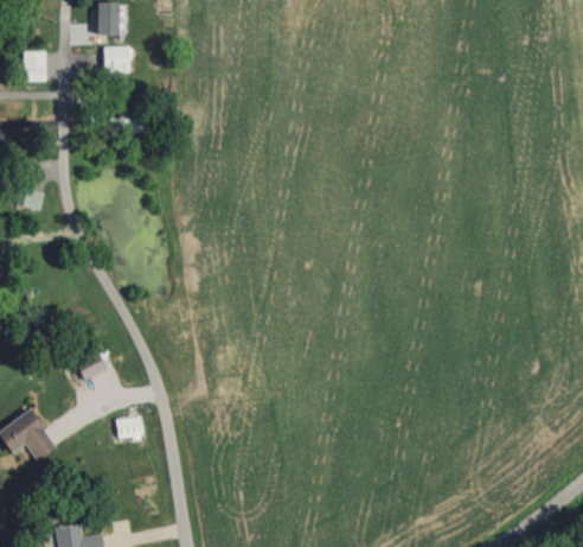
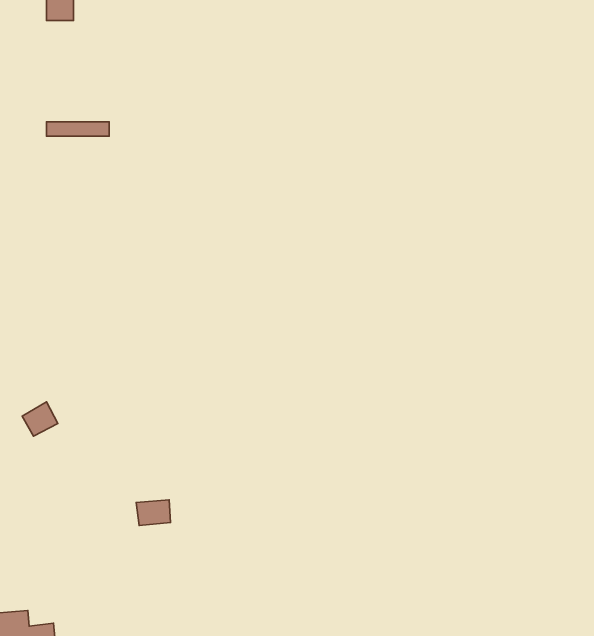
building: [104,46,130,70] -> none
building: [115,418,143,439] -> [136,500,171,525]

